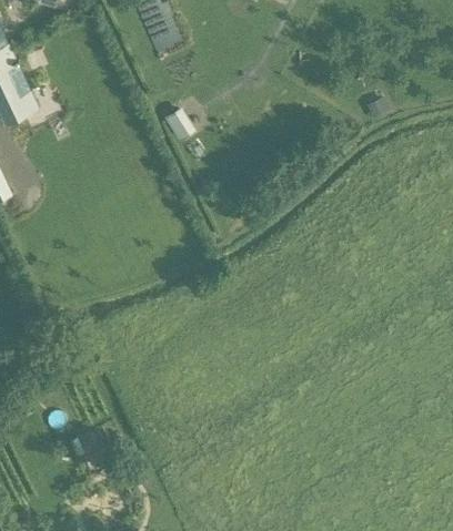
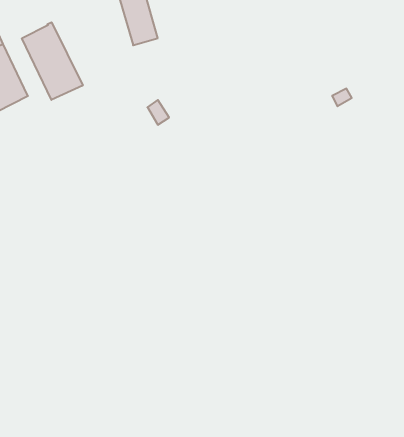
building: none -> [22,22,83,100]

